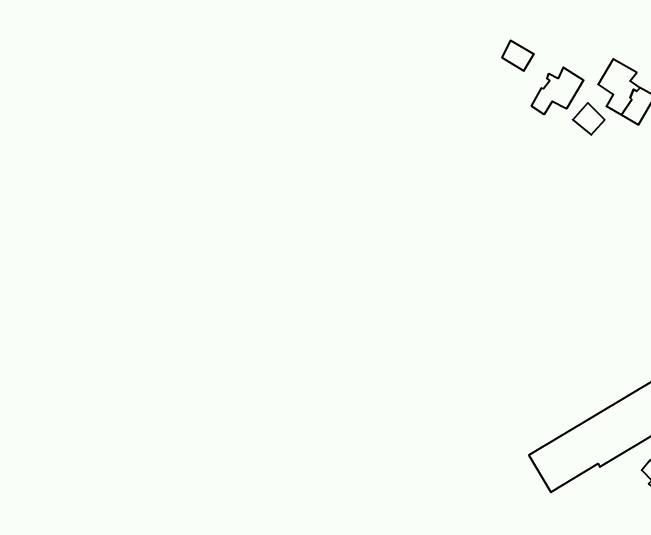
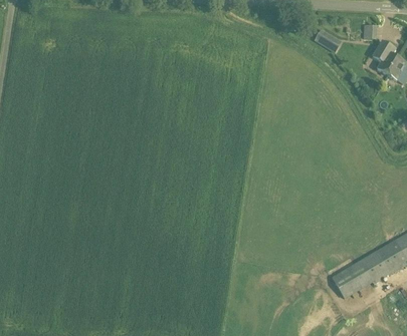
building: [532,67,584,114] -> none

